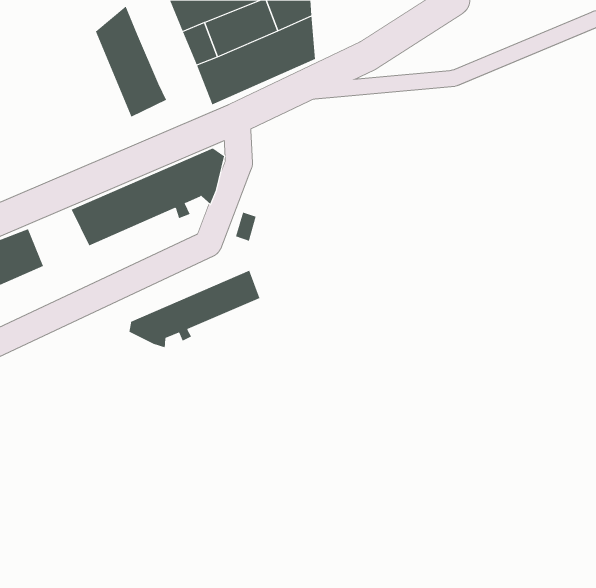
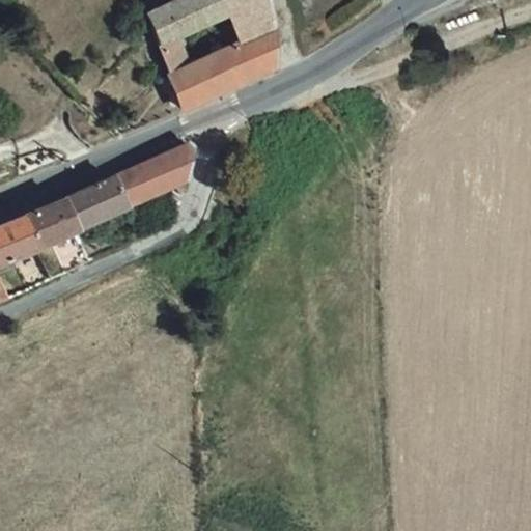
building: [95,5,167,117] -> none
building: none -> [25,198,78,248]
building: [129,270,260,348] -> none

